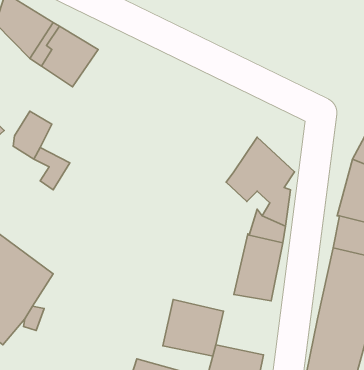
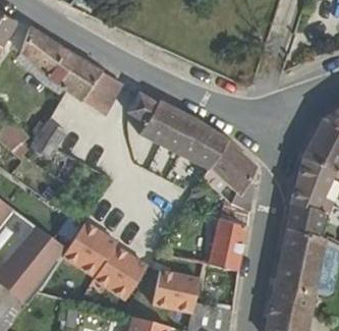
building: none -> [82,71,123,113]
building: none -> [128,92,227,168]
building: none -> [61,221,147,299]

